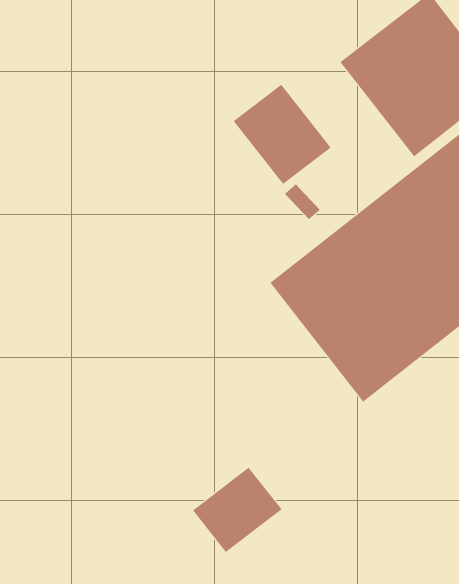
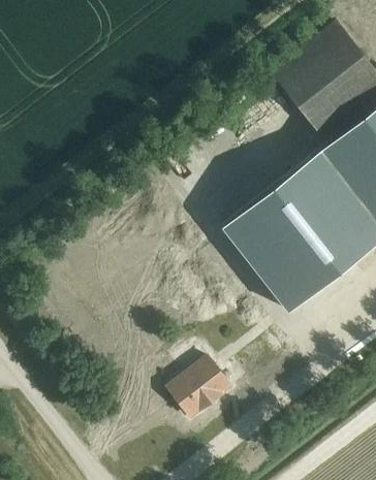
building: [233,84,332,185] -> none

